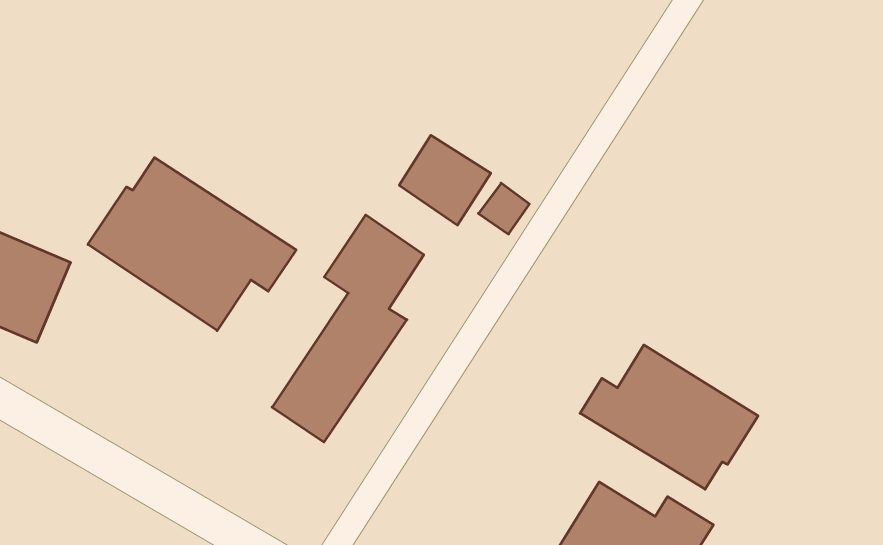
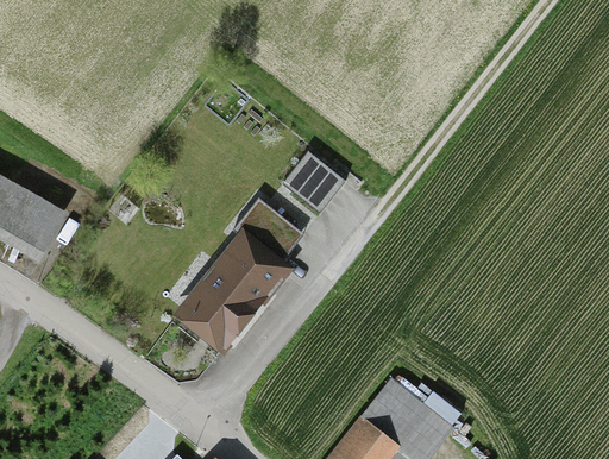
building: [88,158,296,331] -> none
building: [580,345,758,489] -> none

